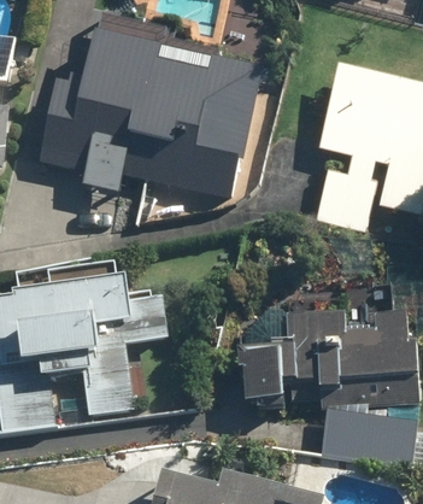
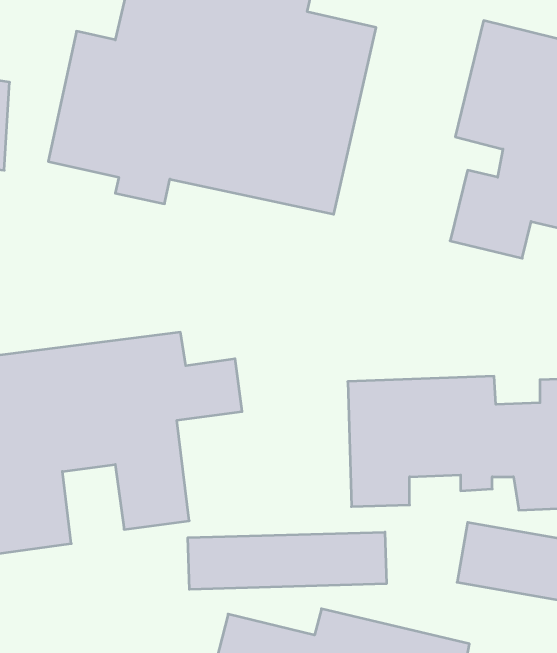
building: none -> [188,532,386,589]

